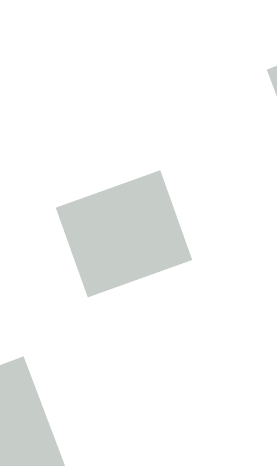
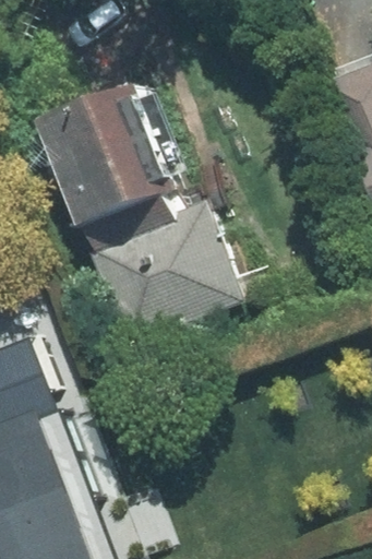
building: none -> [51,76,185,219]

